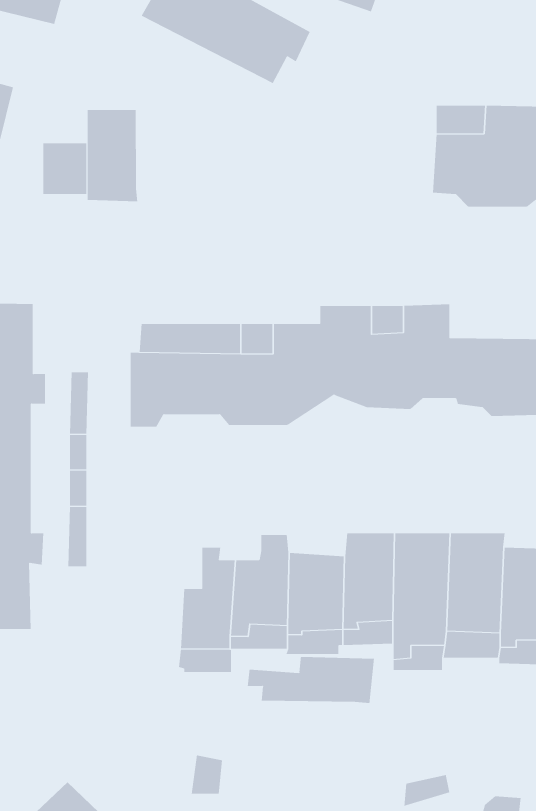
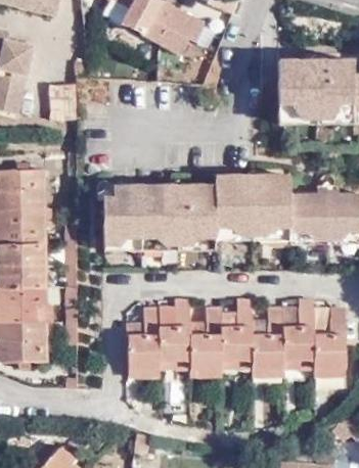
building: [87,109,138,202] -> none
building: [247,656,375,704] -> none

